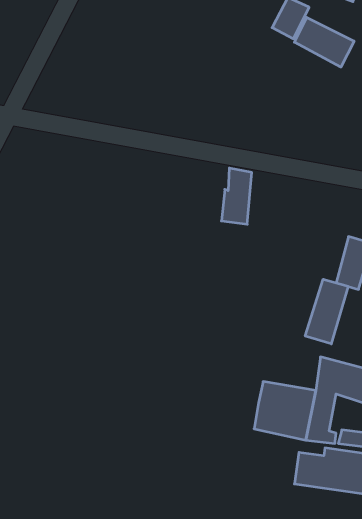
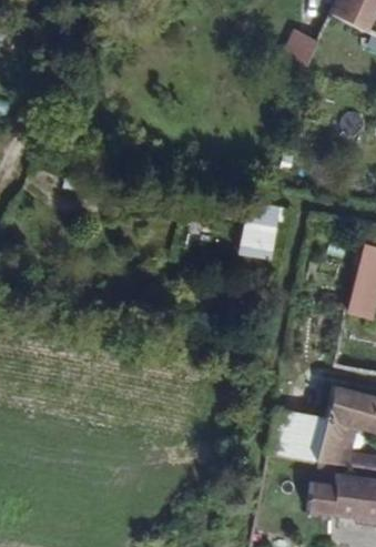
building: [294,17,354,67] -> none
building: [305,279,348,344] -> none

